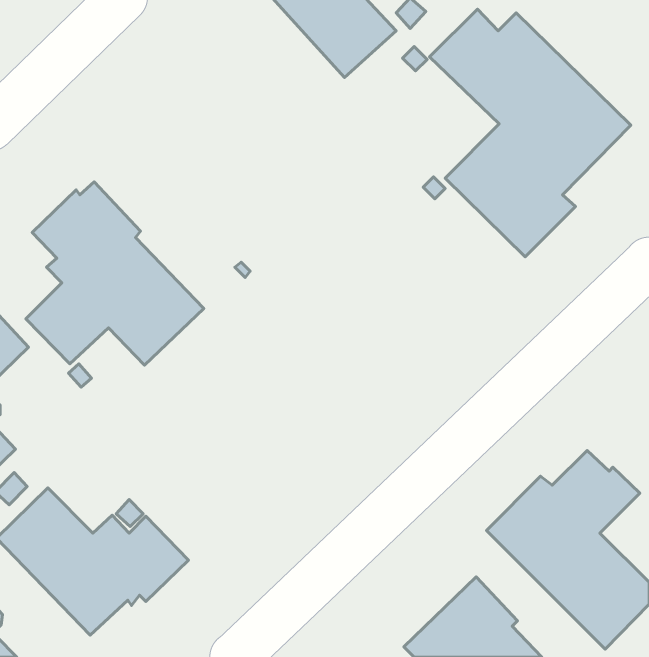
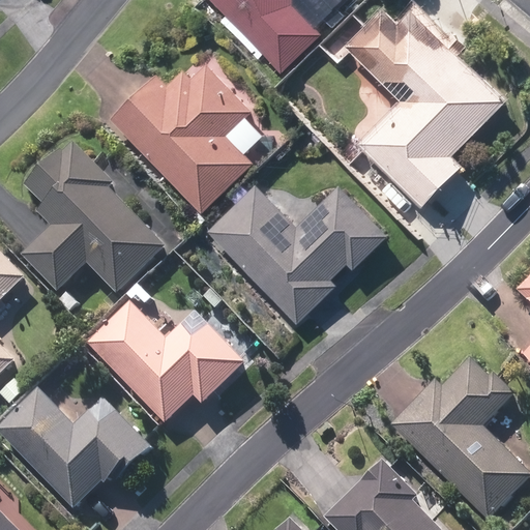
building: none -> [110,57,263,206]
building: none -> [206,183,386,323]
building: none -> [87,303,243,423]

